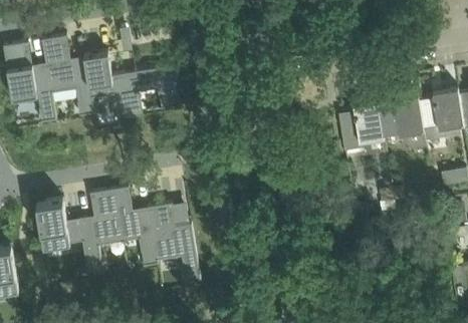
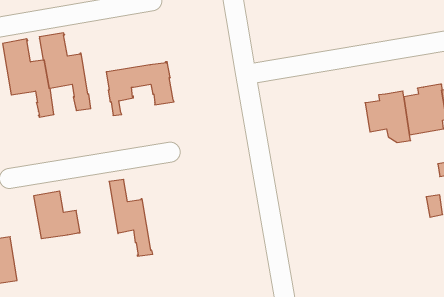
building: [84,52,113,98] -> none
building: [338,101,384,150] -> none
building: [79,189,123,276] -> none
building: [148,203,201,283] -> none

